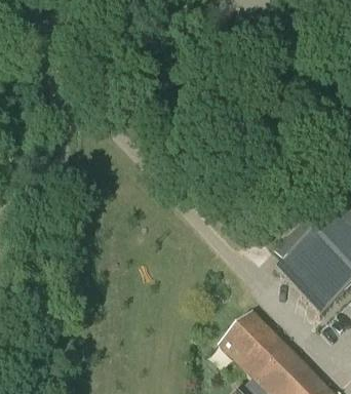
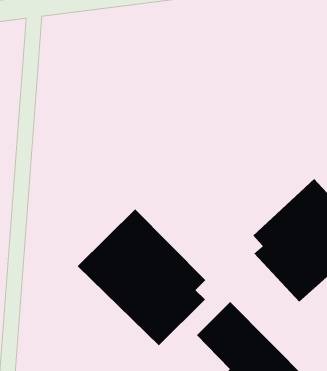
building: none -> [77,208,206,346]

